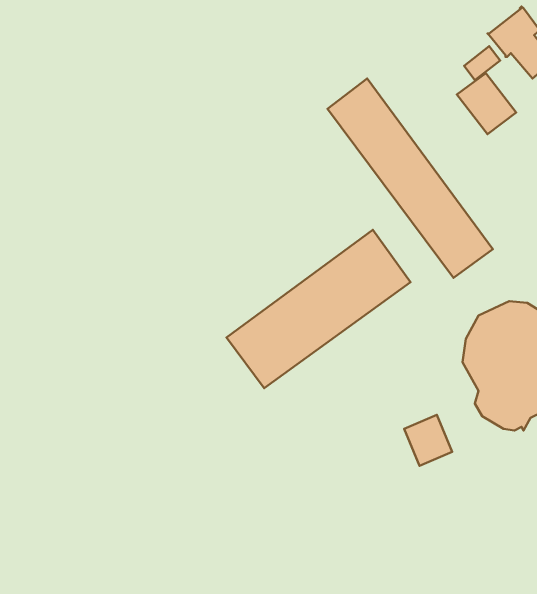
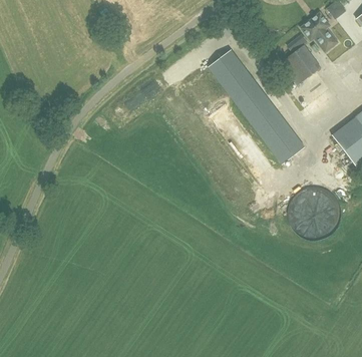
building: [226,230,410,388] -> none
building: [404,415,452,466] -> none

